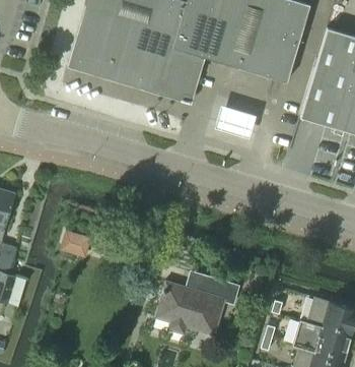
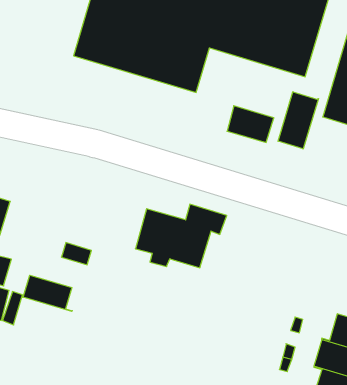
building: none -> [278,92,318,149]
building: none -> [23,275,72,311]
building: [155,277,238,334] -> [135,204,227,268]

